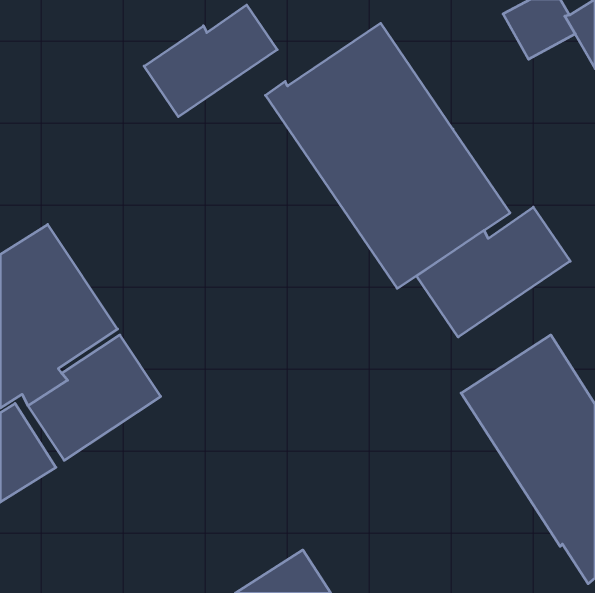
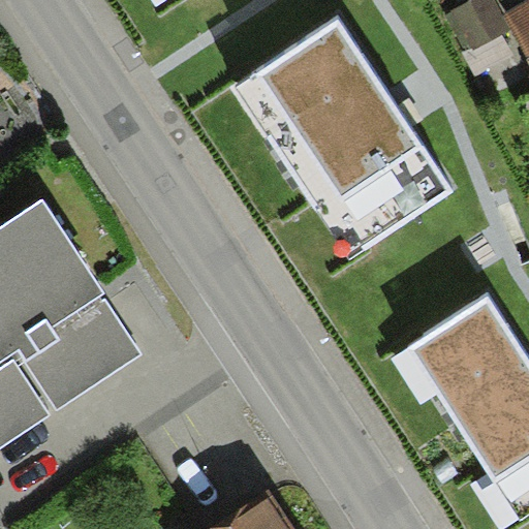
building: [144,5,277,117] -> none
building: [417,207,570,337] -> none

